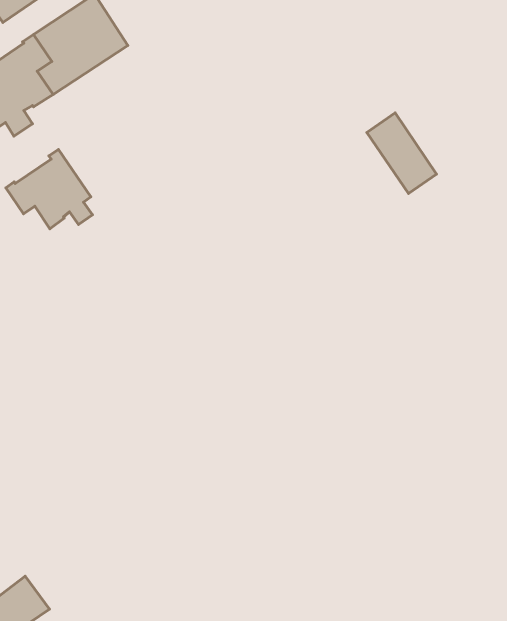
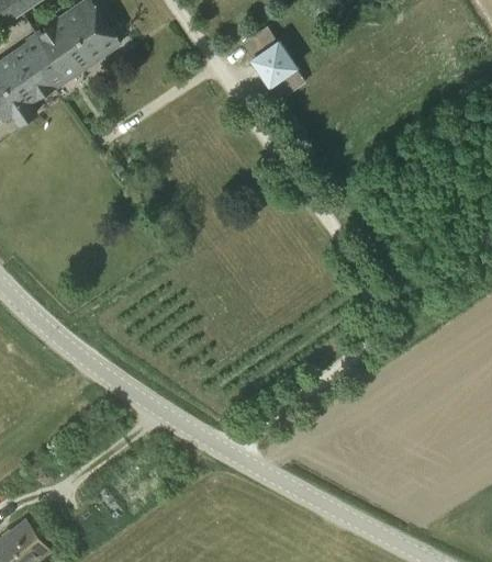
building: [367,113,437,194] -> [243,27,305,100]
building: [6,150,92,229] -> none

